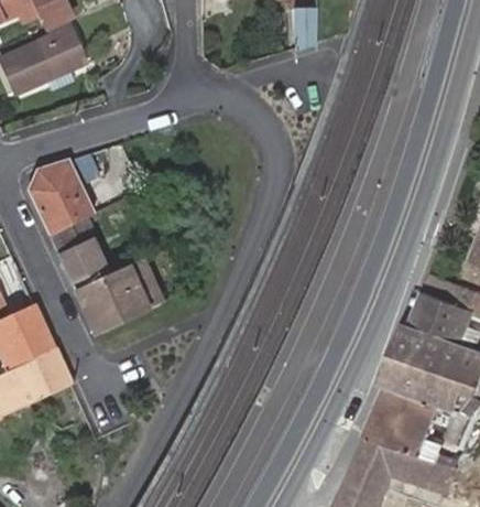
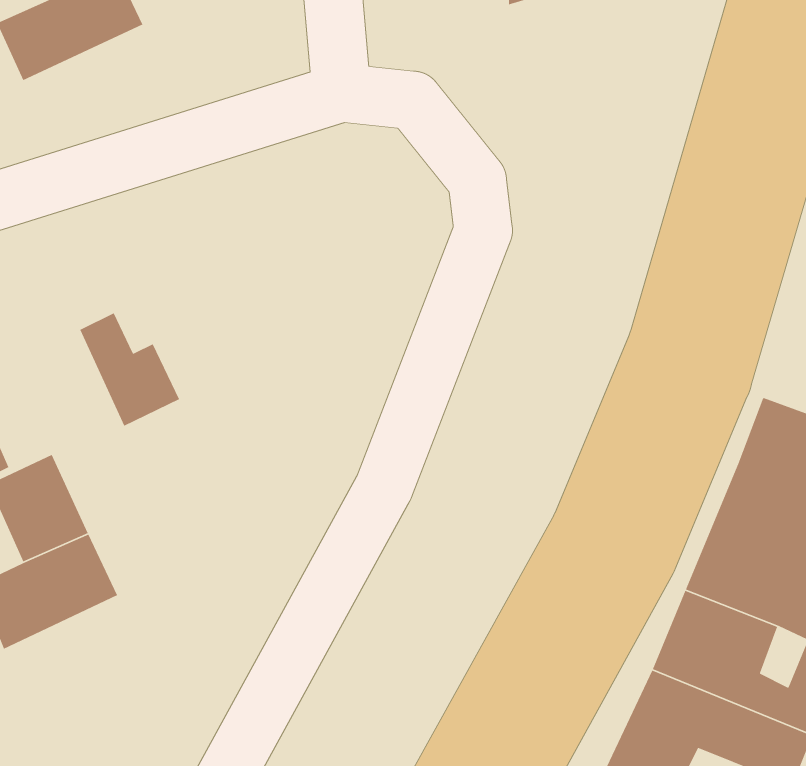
building: [29,158,92,233] -> none
building: [73,258,155,332] -> none

